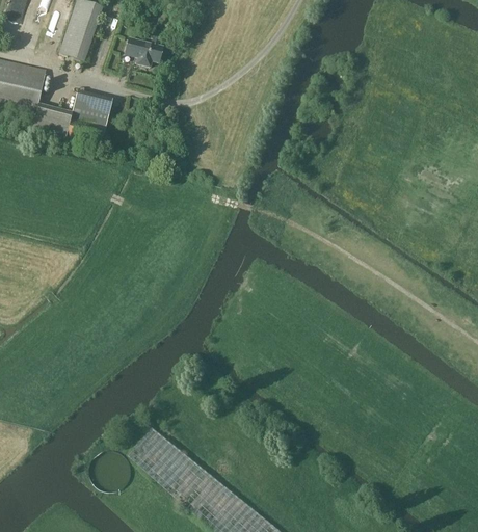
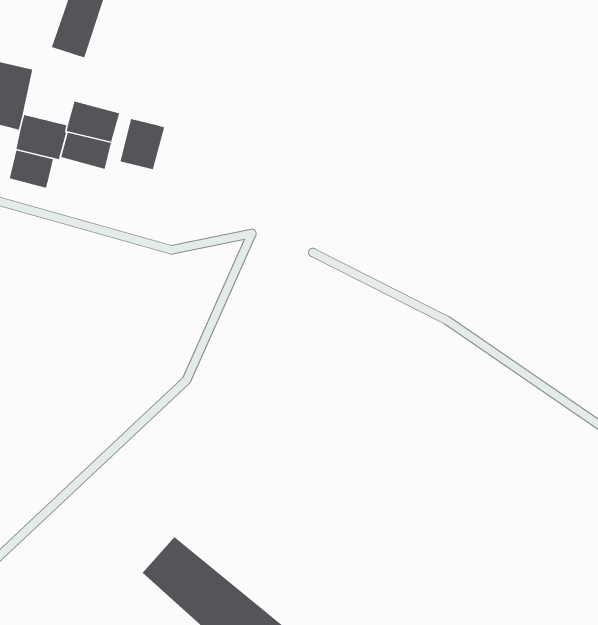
building: [125,34,162,65] -> none
building: none -> [119,118,166,170]
building: none -> [9,149,54,189]

